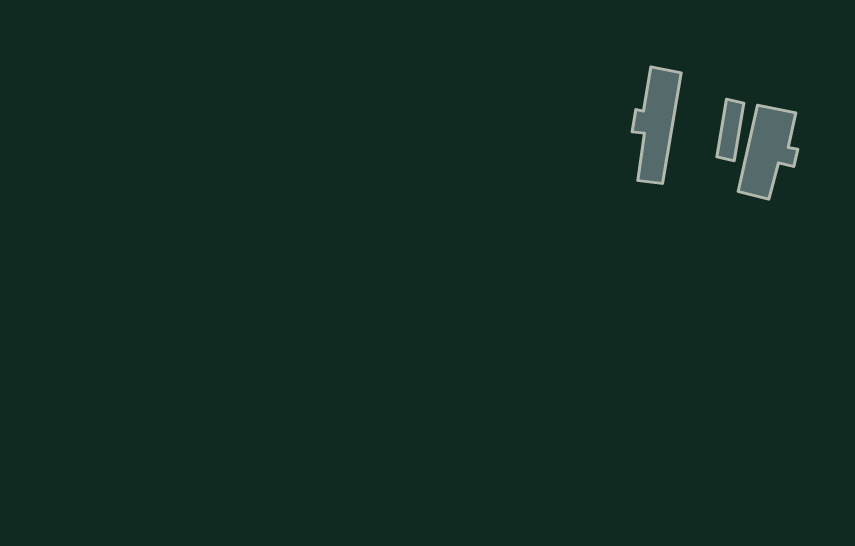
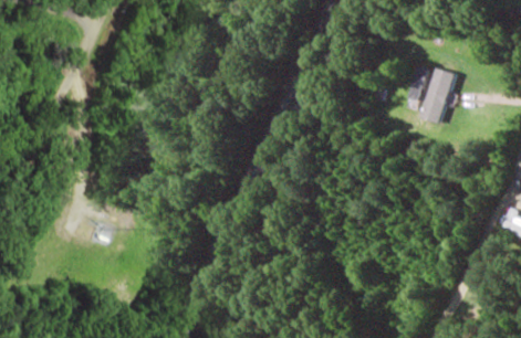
building: [632,67,681,184] -> none

